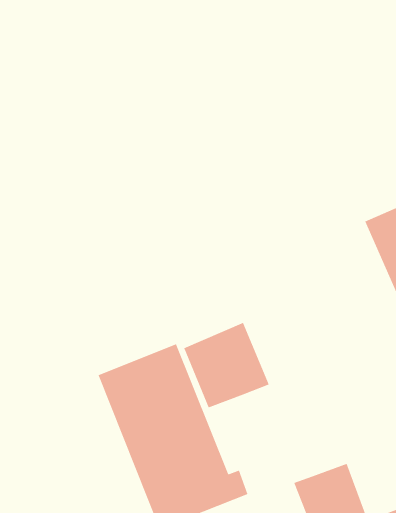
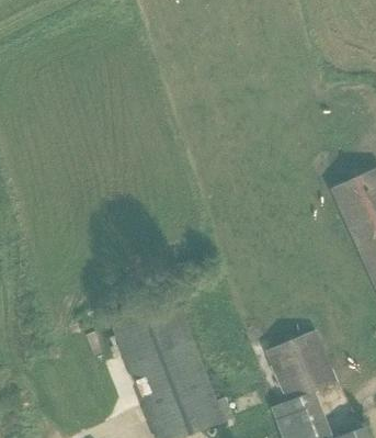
building: [183,322,270,408] -> [265,330,338,403]

